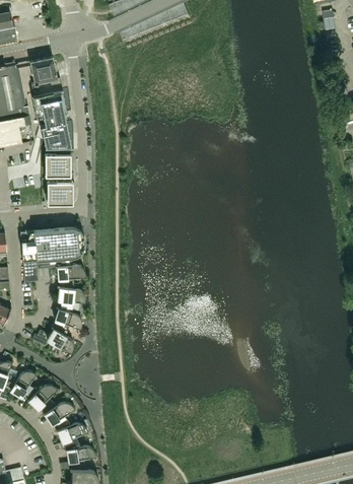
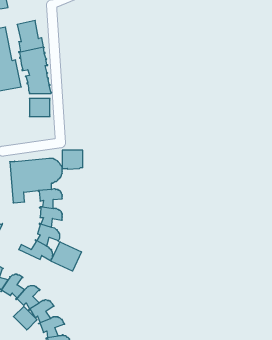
building: [46,182,71,205] -> [62,150,83,169]
building: none -> [51,242,81,271]
building: none -> [13,306,37,330]

